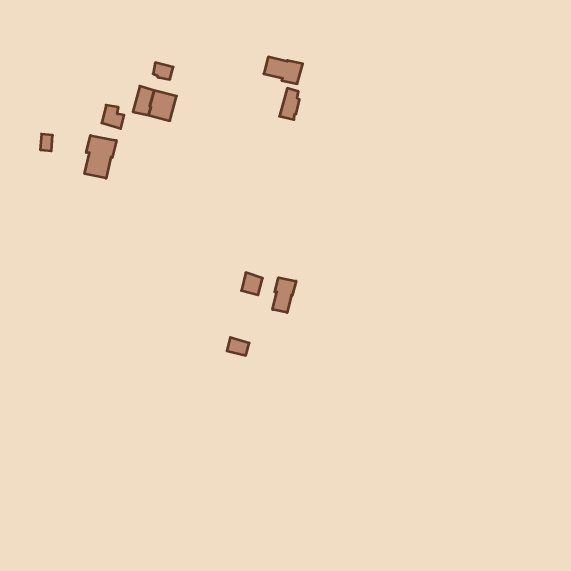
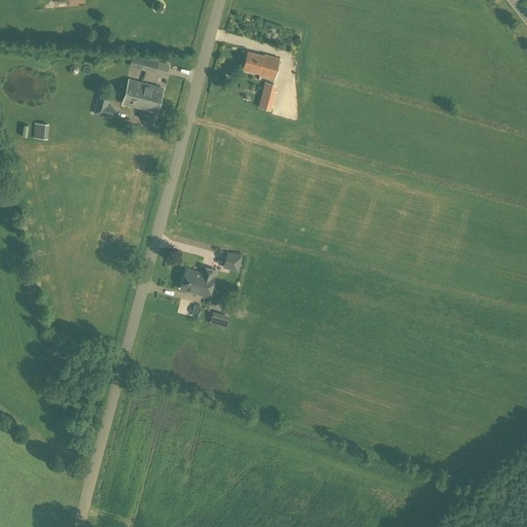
building: [85,135,116,178] -> none
building: [273,278,296,313] -> none
building: none -> [180,267,216,296]

